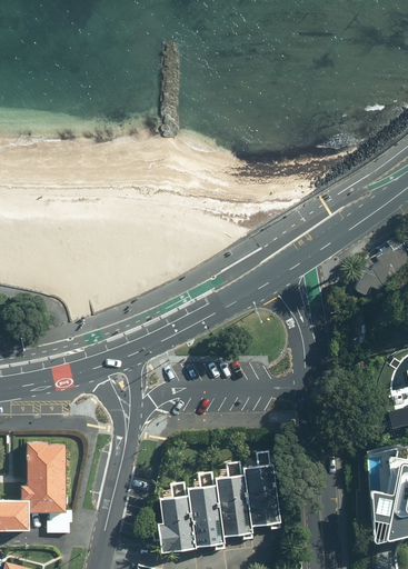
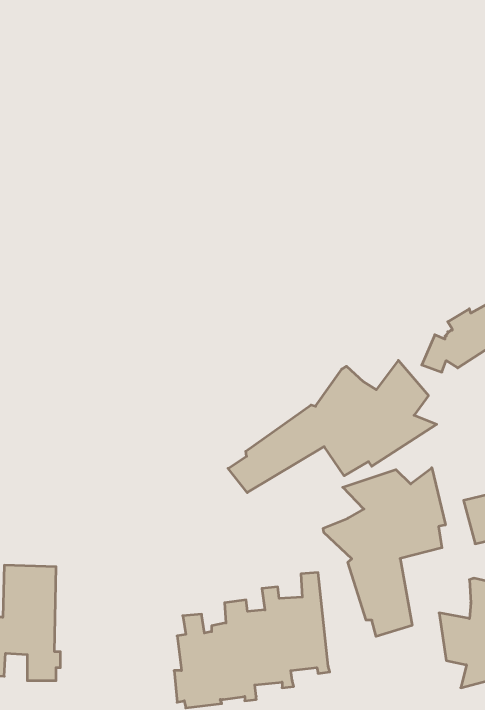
building: none -> [228,360,437,493]
building: none -> [323,468,445,636]

